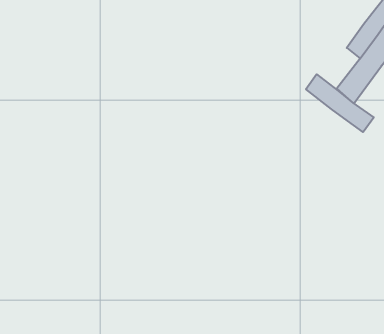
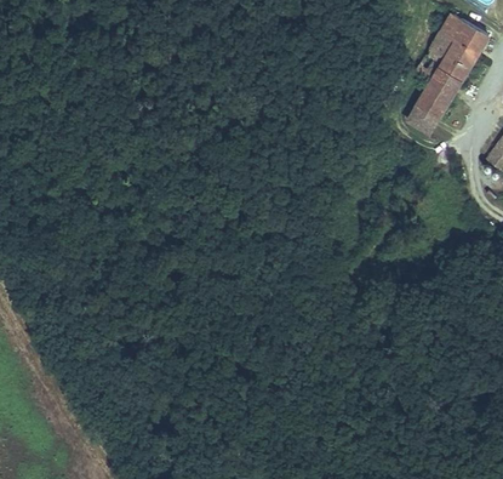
building: [306,74,374,132] -> none

